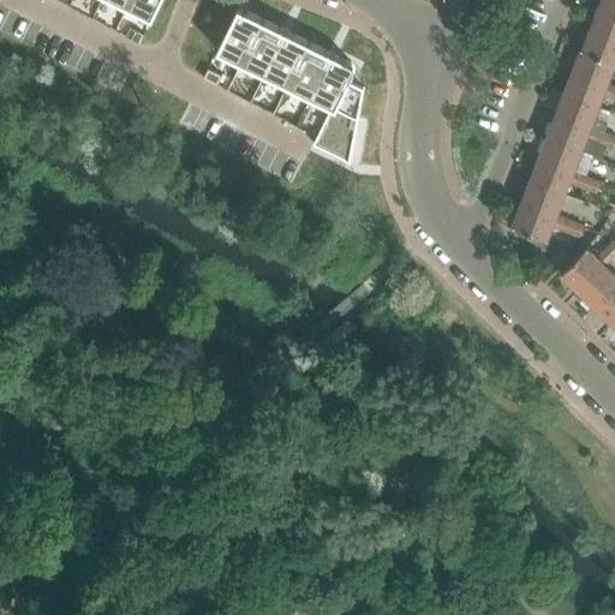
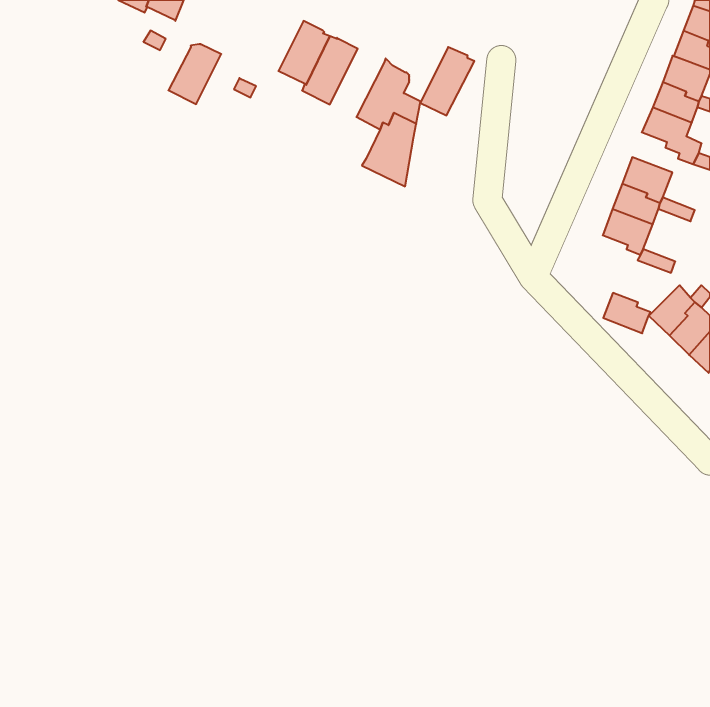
building: [216,13,262,65] -> [168,44,221,104]
building: [285,46,332,105] -> [420,47,474,115]
building: [545,118,586,153] -> none
building: [512,207,553,241] -> [603,293,651,333]

